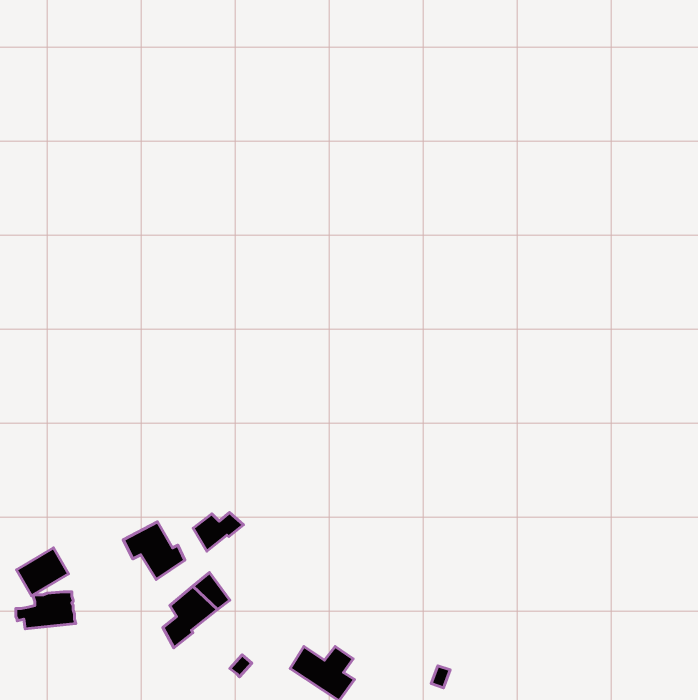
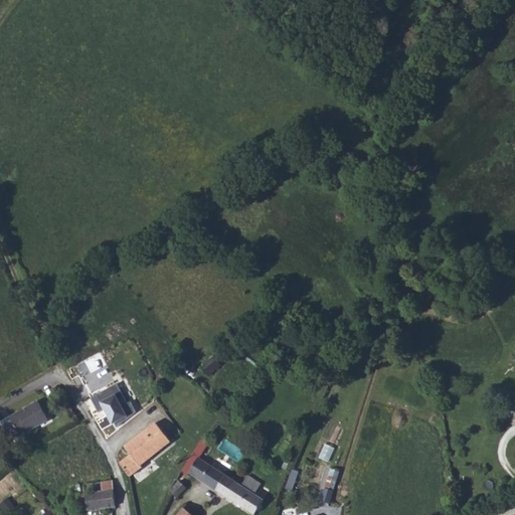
building: [193,513,243,551] -> none
building: [16,592,76,629] -> [70,481,115,508]
building: none -> [187,457,223,491]

